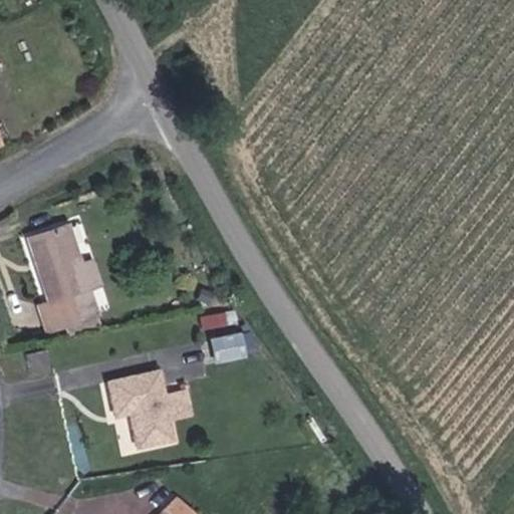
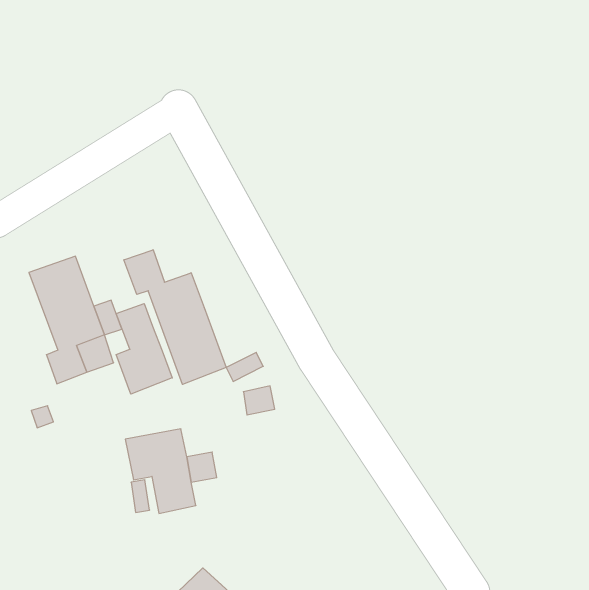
building: none -> [124,250,226,384]
building: none -> [116,304,172,394]

